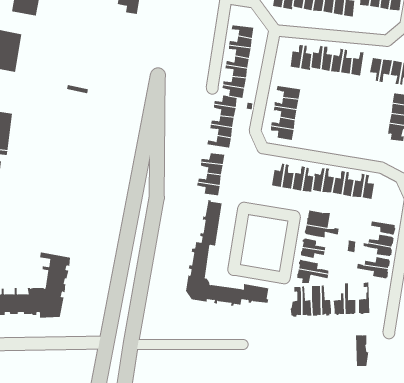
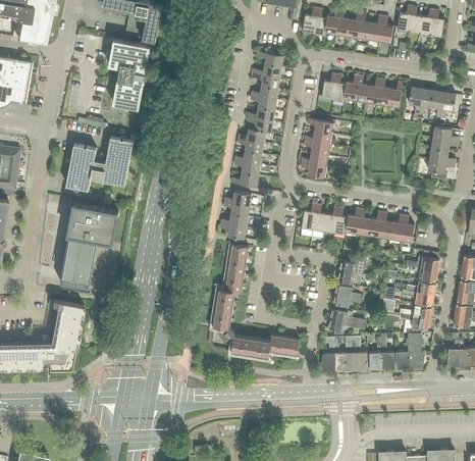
building: none -> [108,39,151,108]
building: none -> [65,137,133,190]
building: none -> [60,204,118,290]
building: none -> [405,251,439,270]
building: [355,335,369,367] -> [408,332,423,367]

